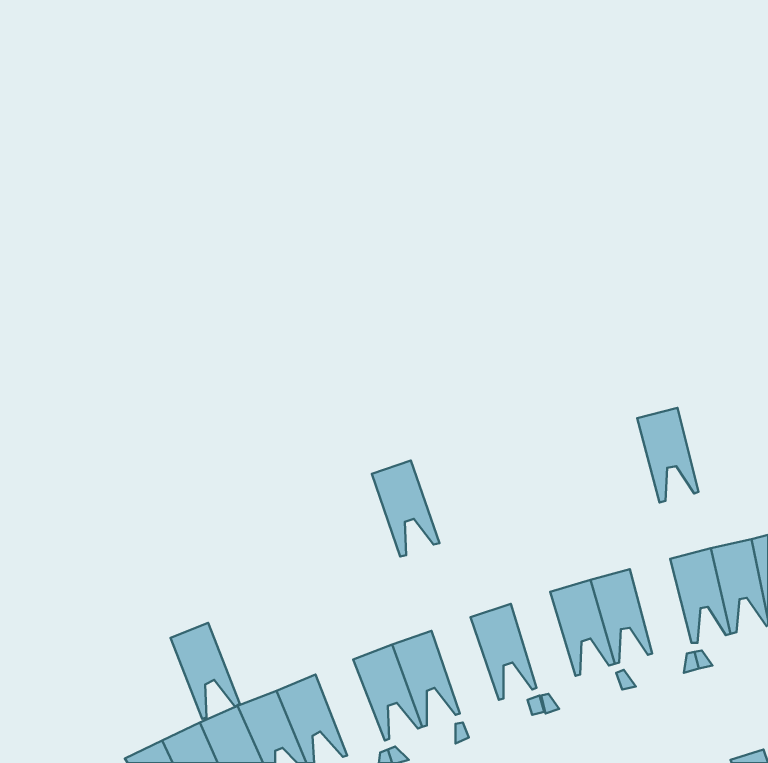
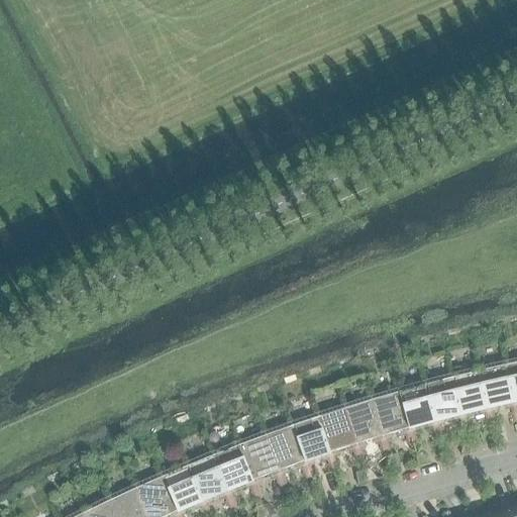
building: [637,408,699,502] -> [423,376,464,439]
building: [372,460,439,557] -> [290,415,335,480]
building: none -> [343,398,387,462]
building: [171,623,240,719] -> [212,443,258,508]

